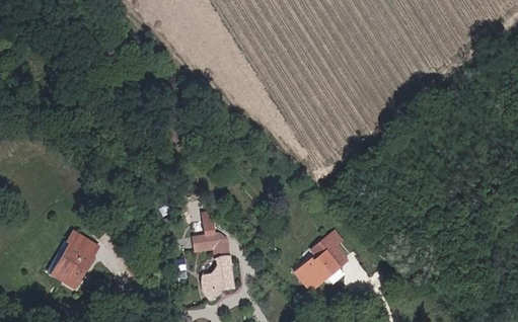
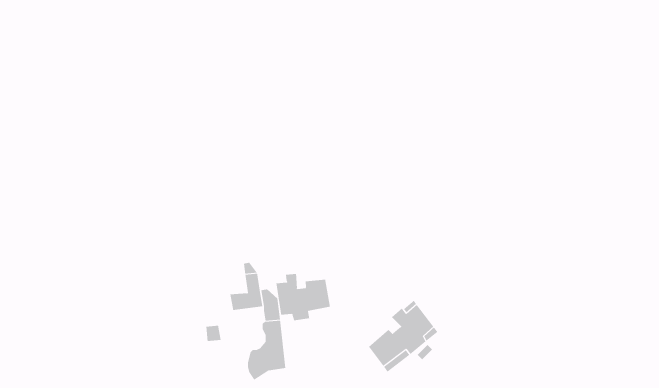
building: none -> [276,273,330,321]
building: [52,234,96,290] -> none

